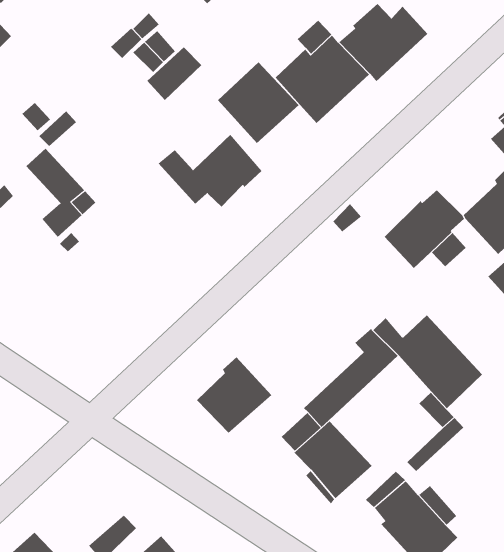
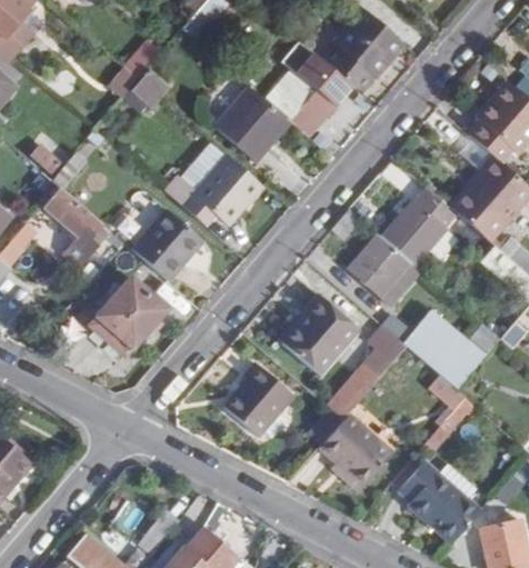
building: [147,46,202,101] -> [179,141,229,193]
building: none -> [131,210,202,281]
building: none -> [348,232,418,302]
building: none -> [87,278,164,357]
building: none -> [280,295,355,371]

